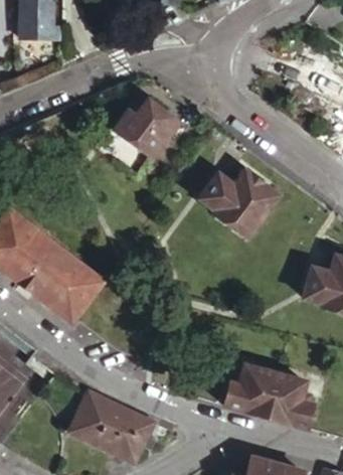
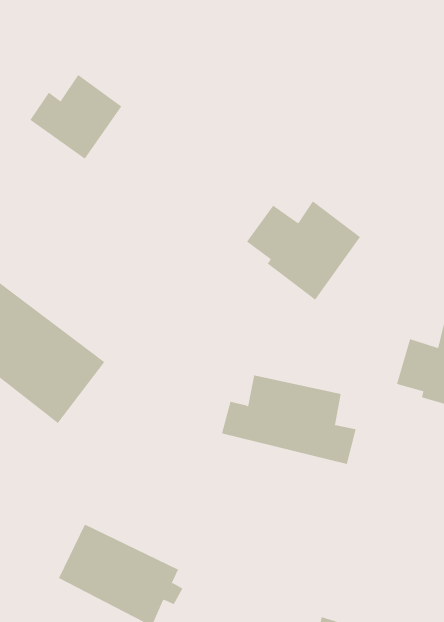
building: [114,98,177,156] -> [29,74,122,159]
building: [219,364,312,426] -> [221,375,356,464]

